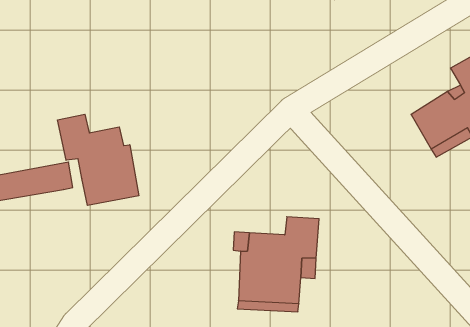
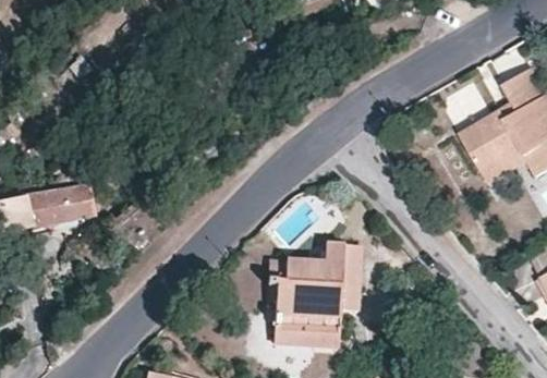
building: [58,114,139,205] -> none

